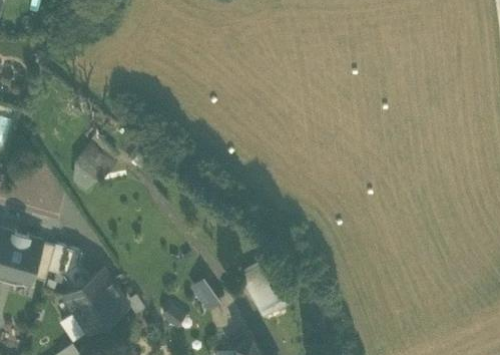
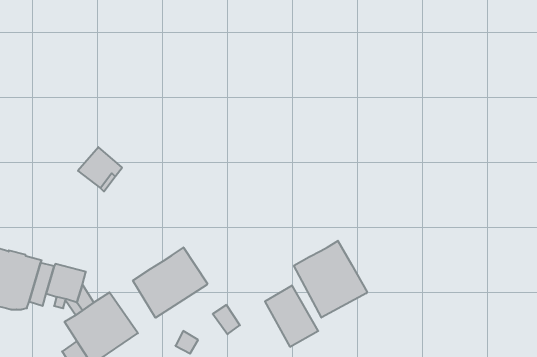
building: none -> [294,241,367,318]
building: none -> [133,247,207,318]

